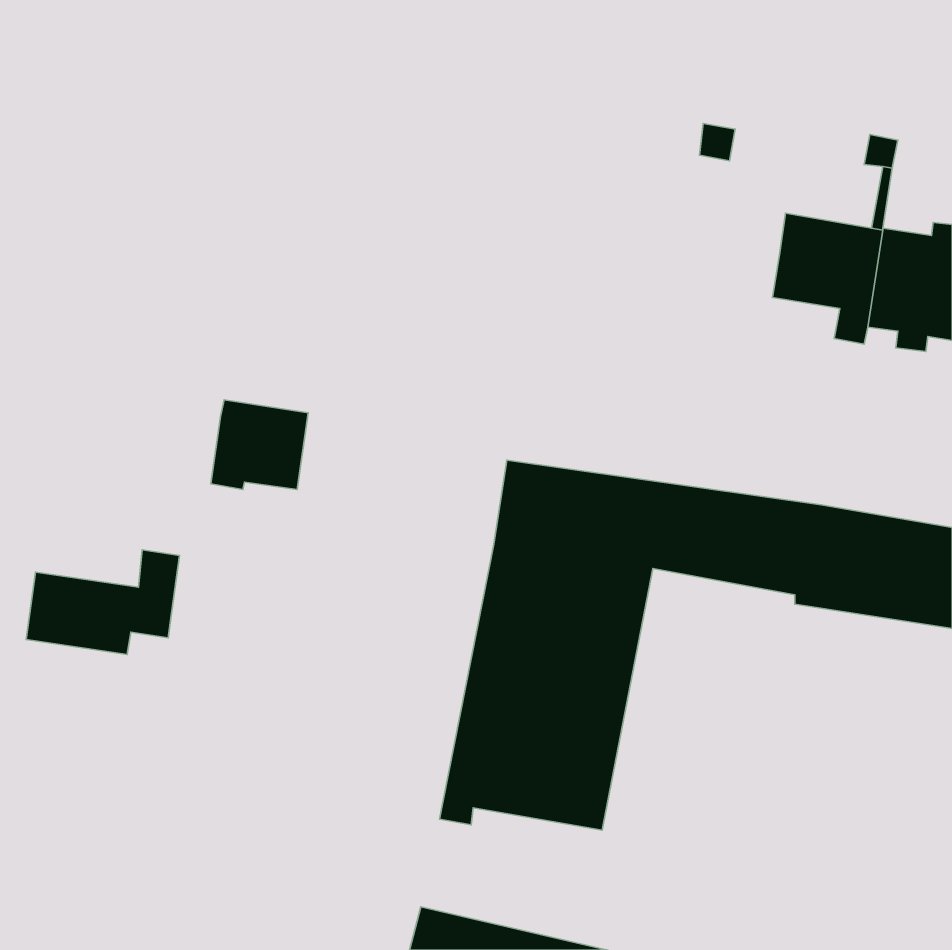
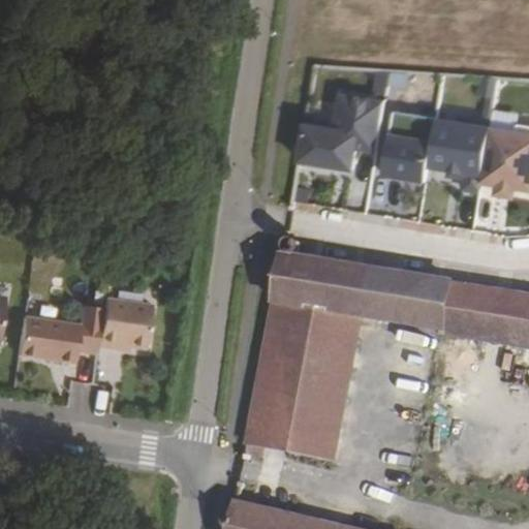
building: none -> [297,92,382,167]
building: none -> [380,132,431,180]
building: [211,400,308,490] -> [94,298,148,347]

